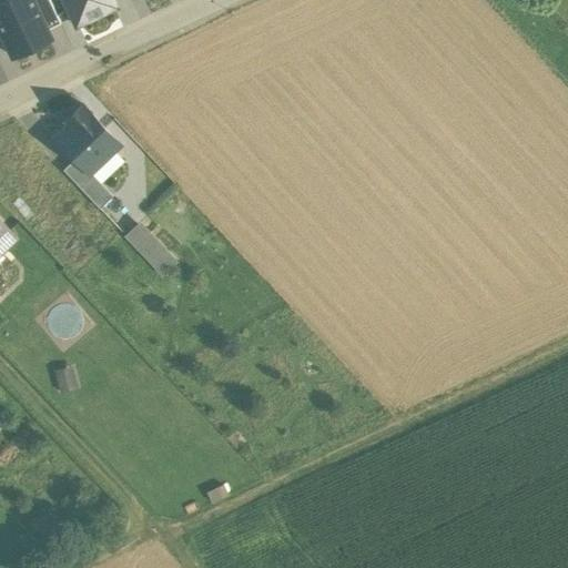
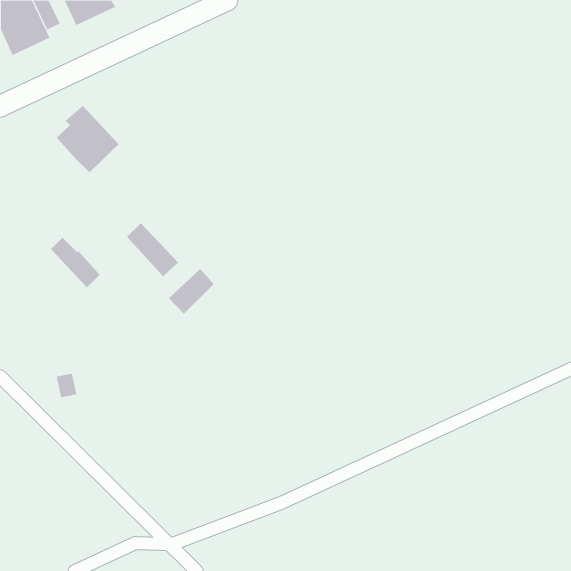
building: [62,158,112,209] -> [50,237,100,288]
building: none -> [168,268,215,314]

